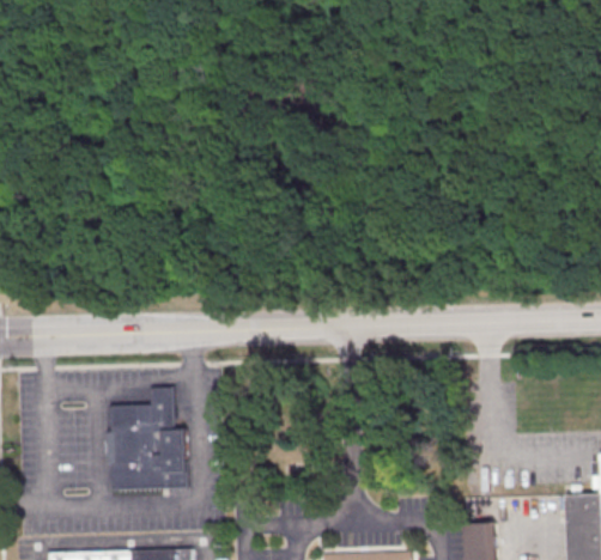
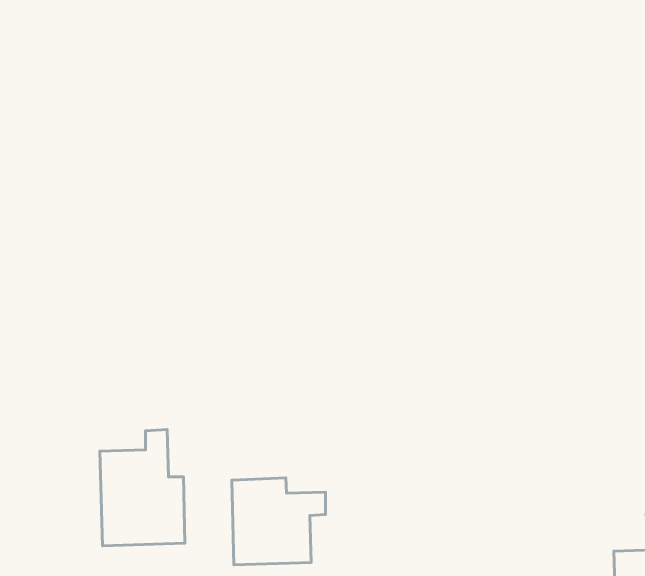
building: none -> [232,478,325,565]

